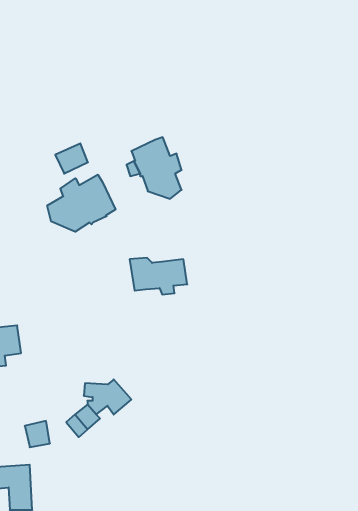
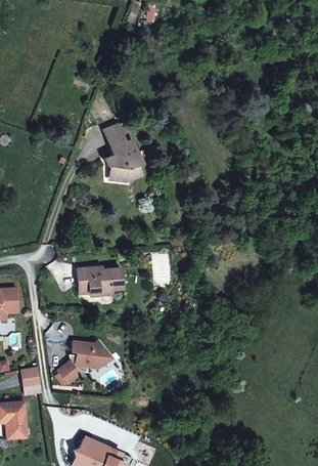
building: [55,143,88,174] -> [100,122,127,146]
building: [47,175,115,232] -> none
building: [130,258,187,294] -> [73,268,120,298]

